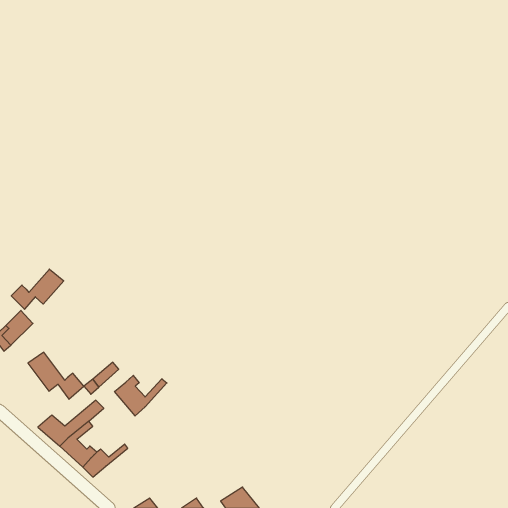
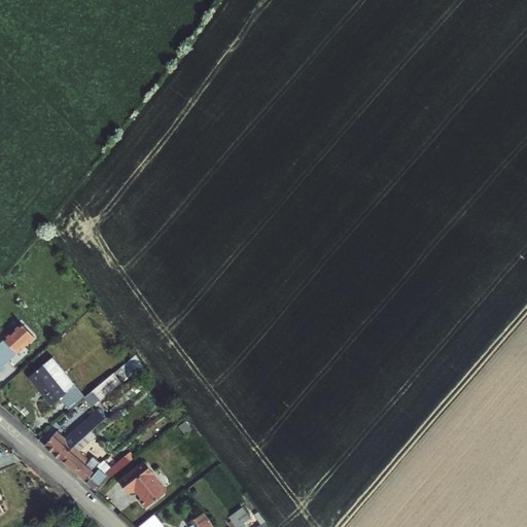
building: [11,269,64,309] -> none
building: [115,375,167,416] -> none
building: none -> [117,463,162,508]

